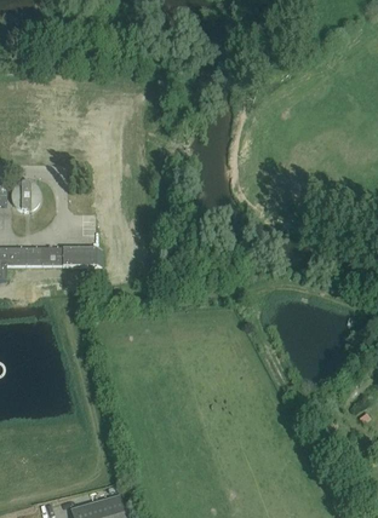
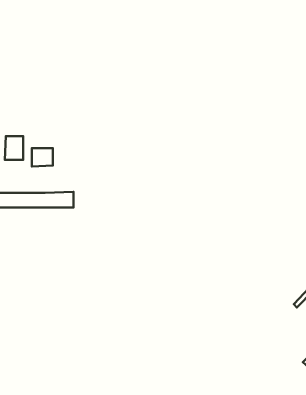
building: none -> [32,148,53,166]

